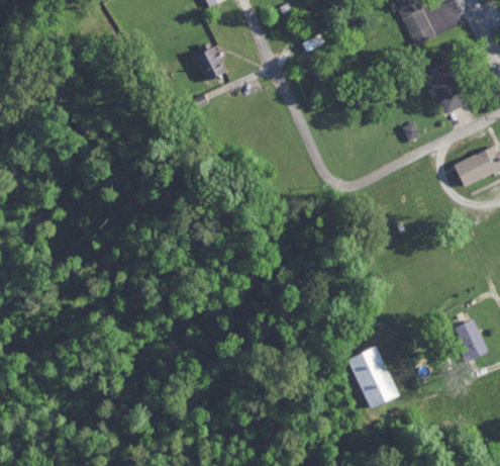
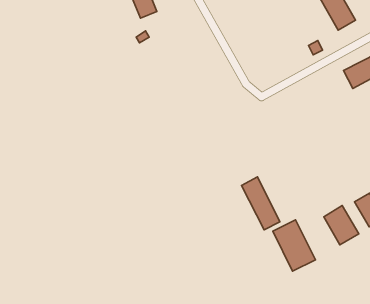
building: none -> [241,177,280,230]
building: none -> [324,206,359,245]

